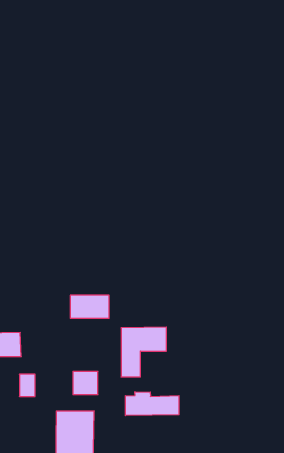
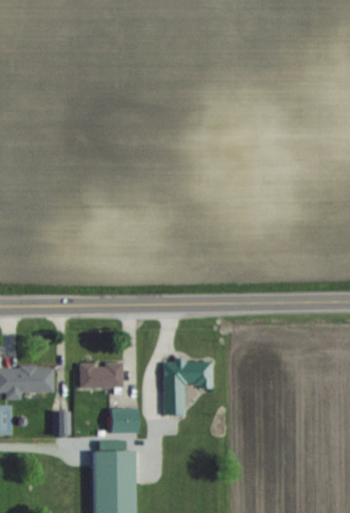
building: [70,295,109,318] -> [80,364,122,389]
building: [125,392,179,416] -> none

